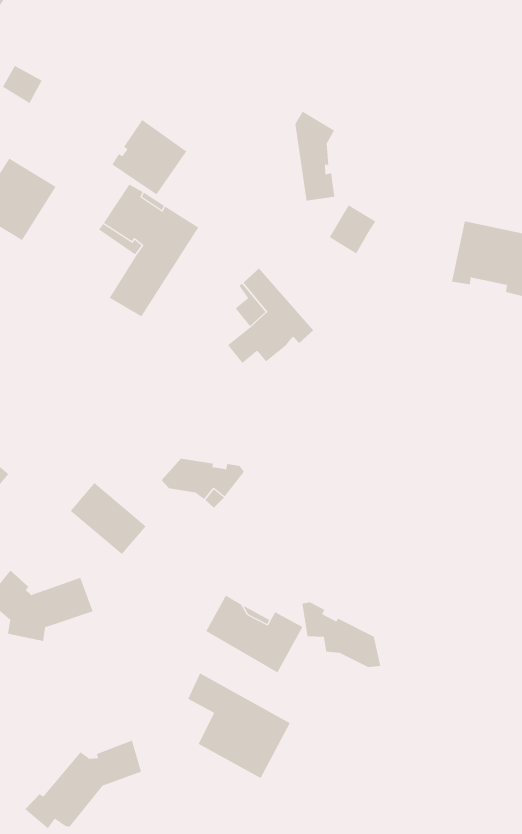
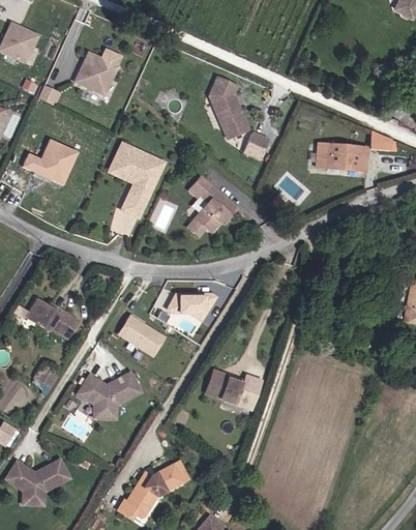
building: [111,119,187,195] -> [81,56,123,98]
building: [302,602,381,668] -> none
building: [187,673,291,779] -> none

